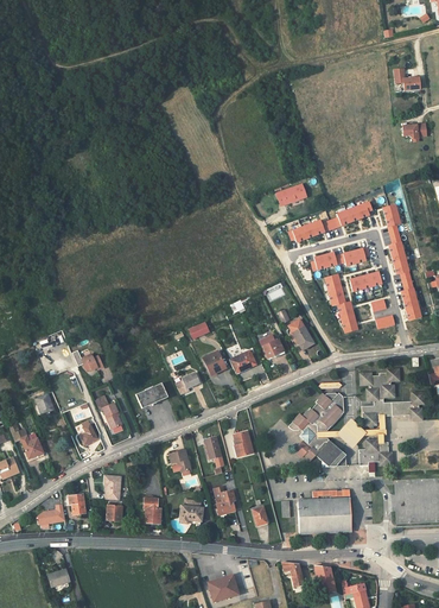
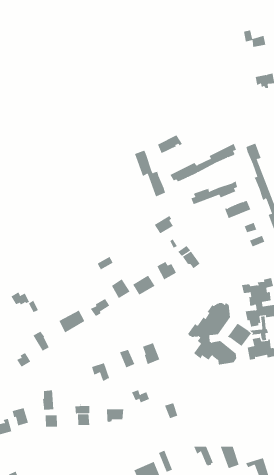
building: [324,274,357,332] -> [134,150,166,197]
building: [297,489,351,532] -> none

